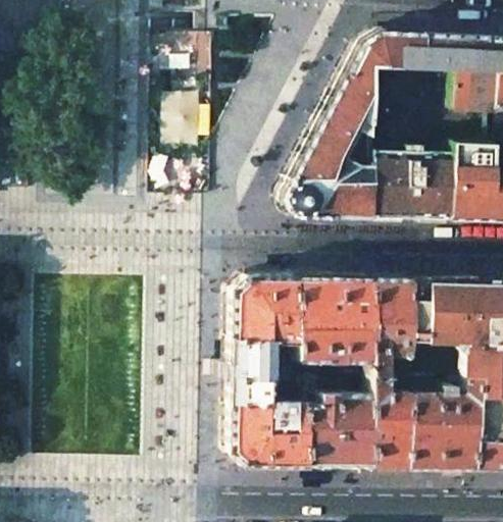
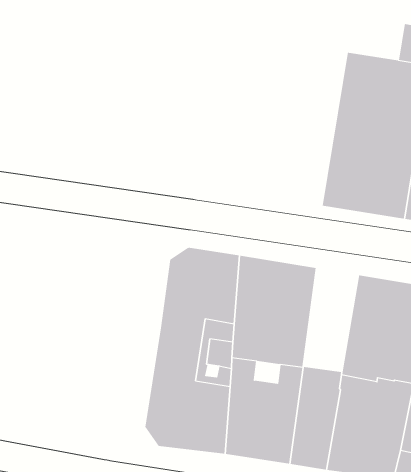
building: [287,33,429,219] -> none
building: [376,279,417,375] -> none

